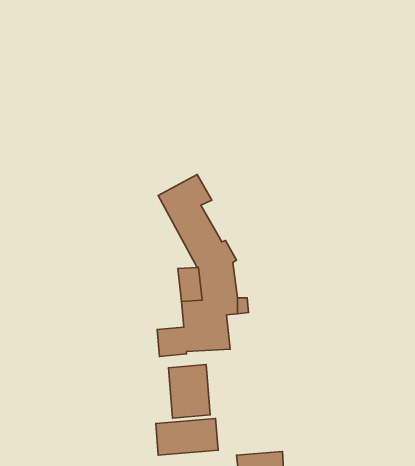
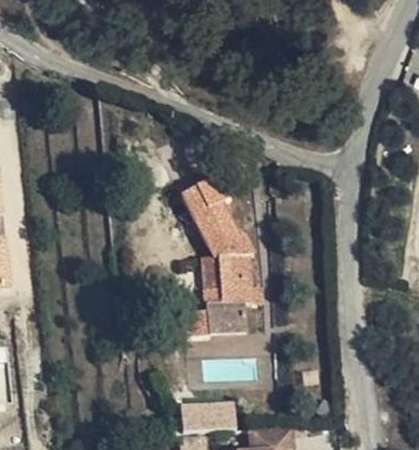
building: [168,365,210,418] -> none

